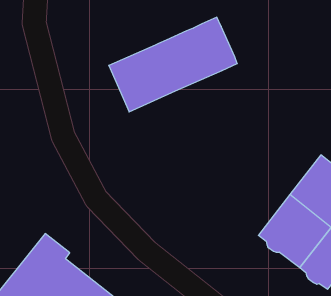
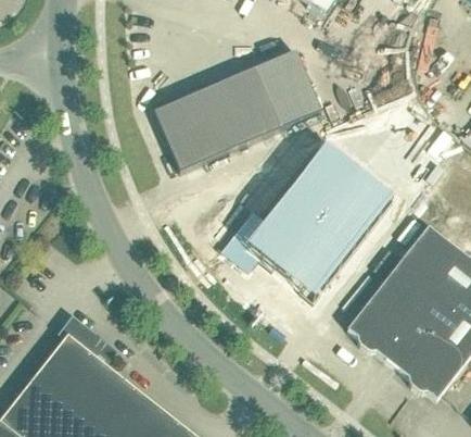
building: none -> [219,146,393,302]

